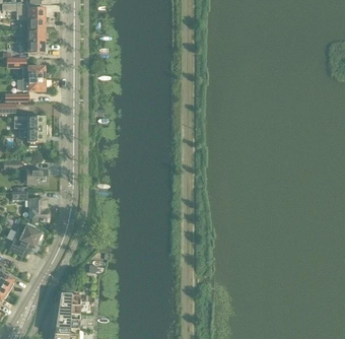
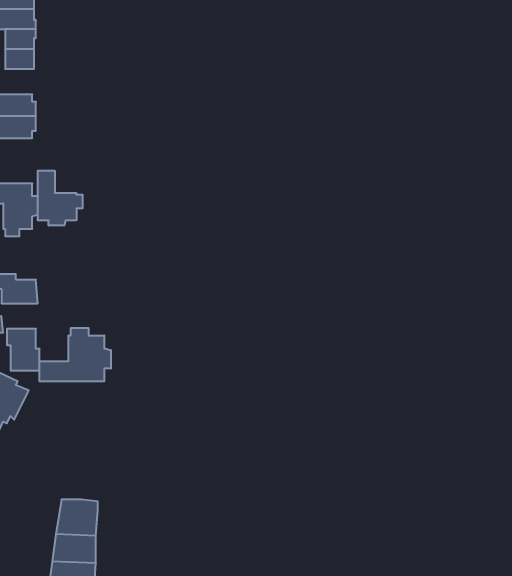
building: none -> [38,171,83,226]
building: none -> [40,328,111,381]

